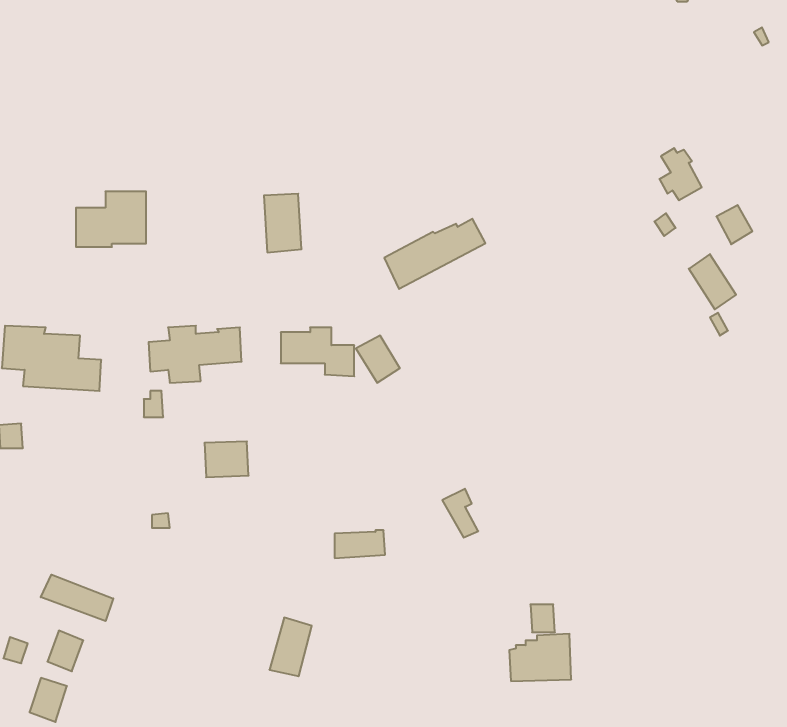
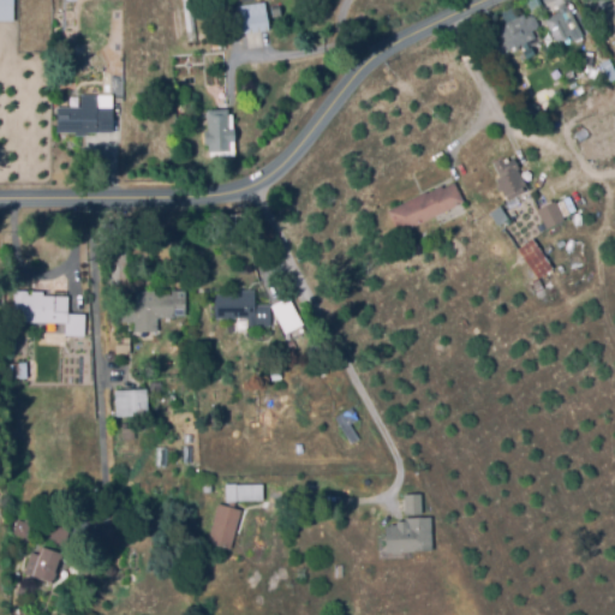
building: [76,191,146,247] -> [59,95,111,136]
building: [264,194,302,252] -> [207,115,234,159]
building: [384,219,485,289] -> [388,183,462,234]
building: [204,441,249,477] -> [114,389,147,416]
building: [335,530,385,558] -> [226,482,263,502]
building: [41,575,113,621] -> none

